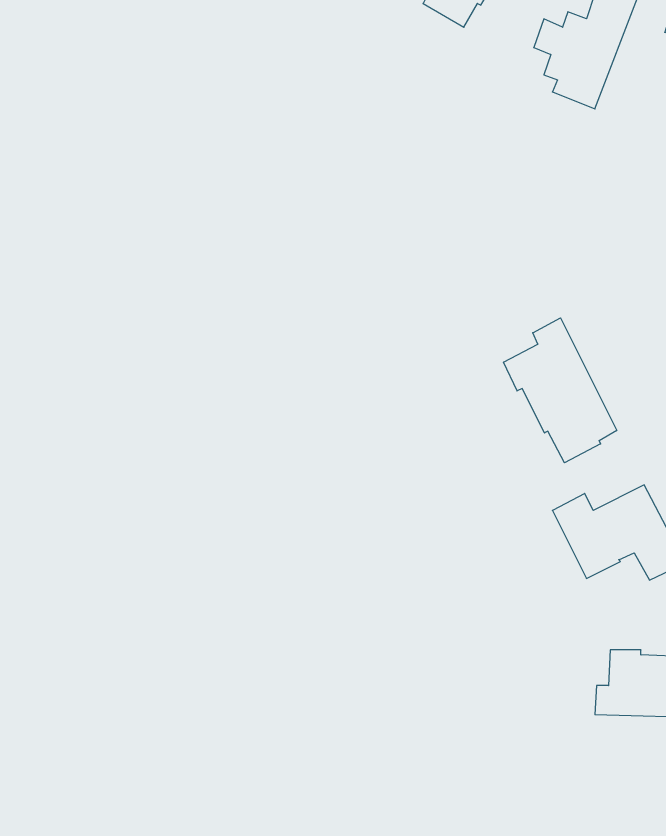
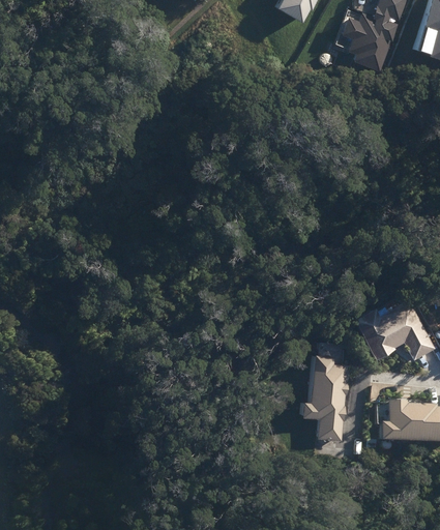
building: [504,318,617,463] -> none
building: none -> [301,353,348,438]

